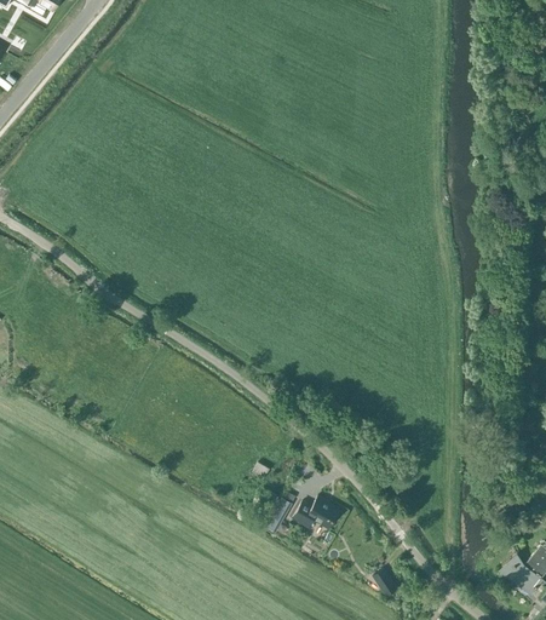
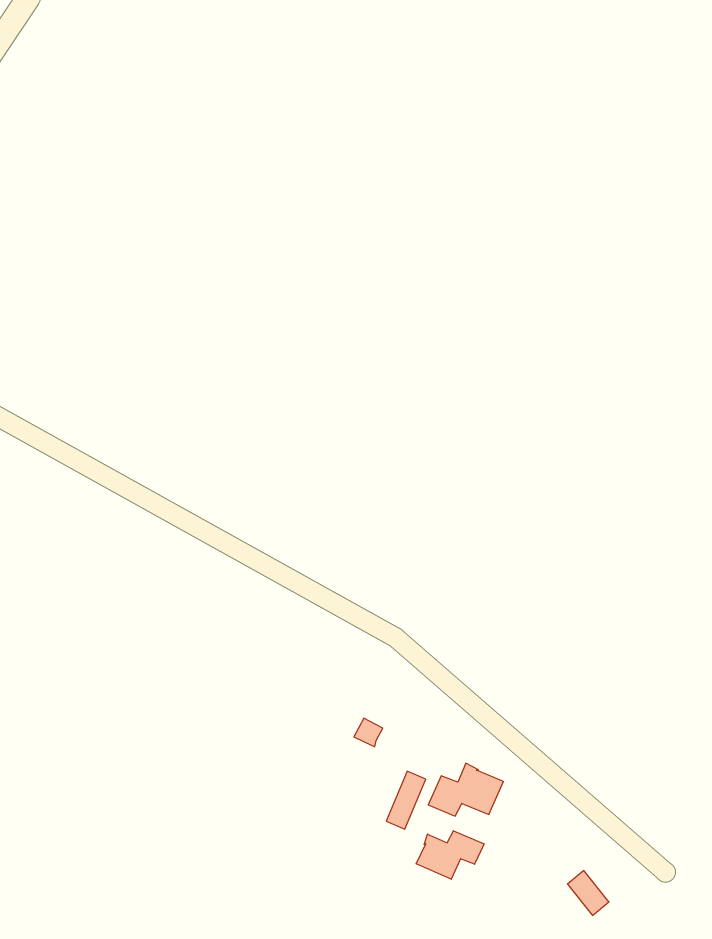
building: none -> [416,831,484,879]

